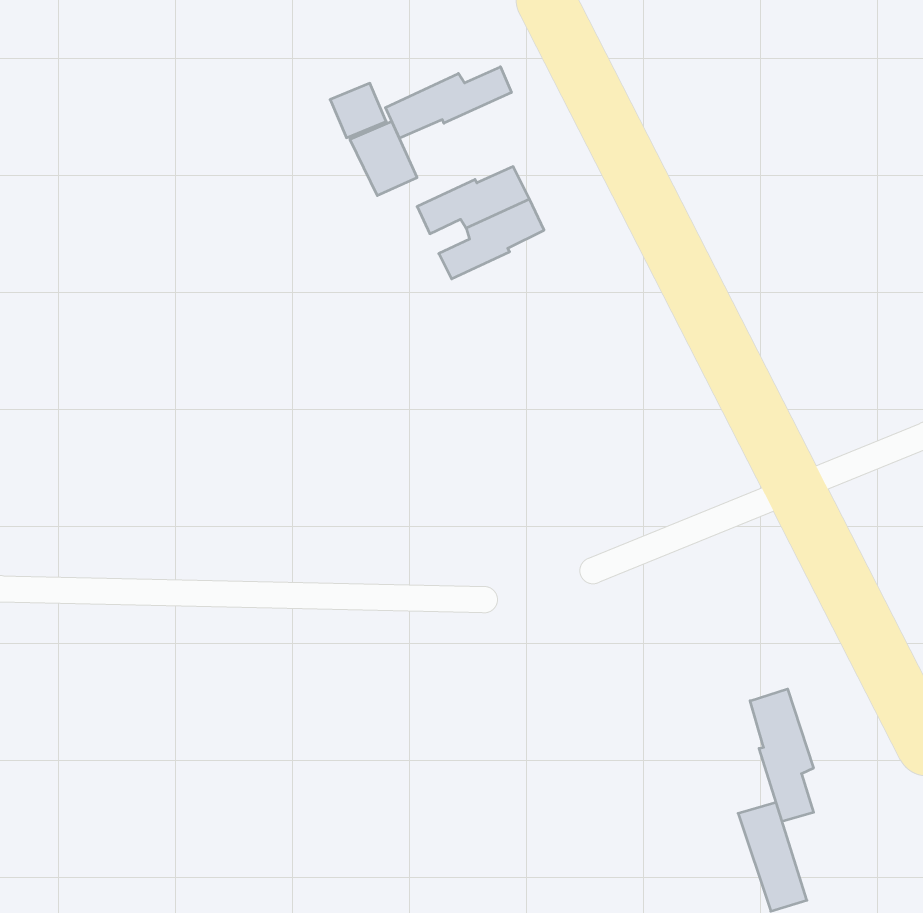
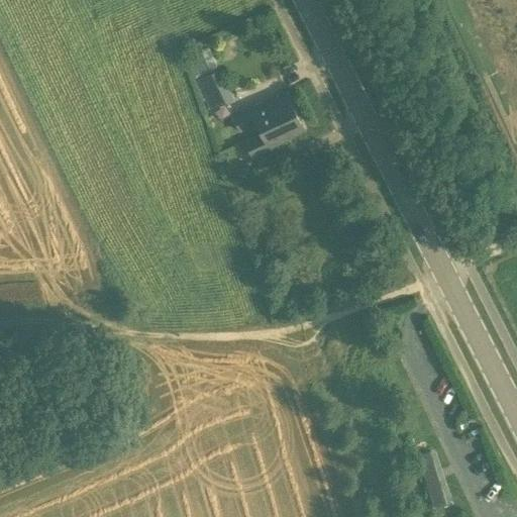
building: [385,67,511,138] -> none
building: [750,689,814,821] -> none

